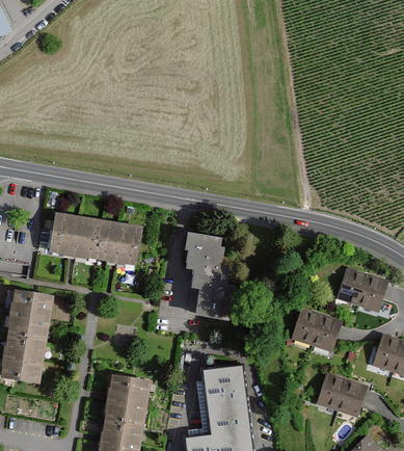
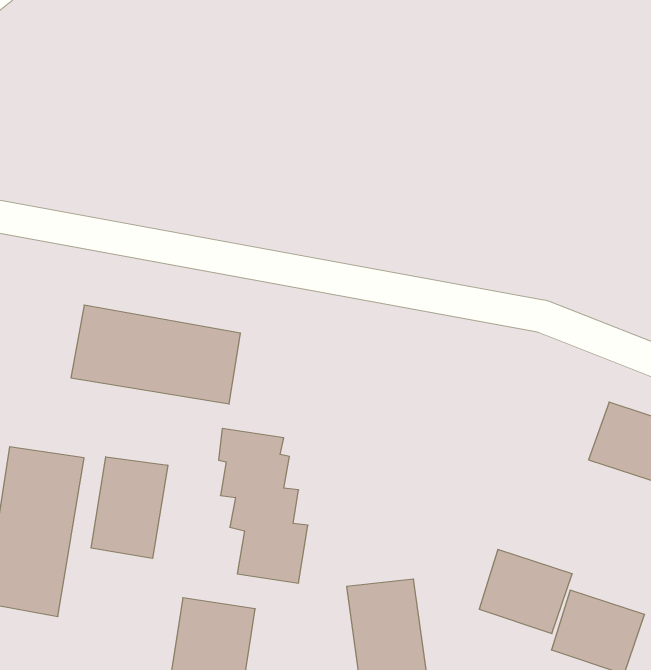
building: [186,233,236,319] -> [219,428,308,583]
building: none -> [91,457,168,558]
building: [292,304,344,351] -> [479,550,572,634]

